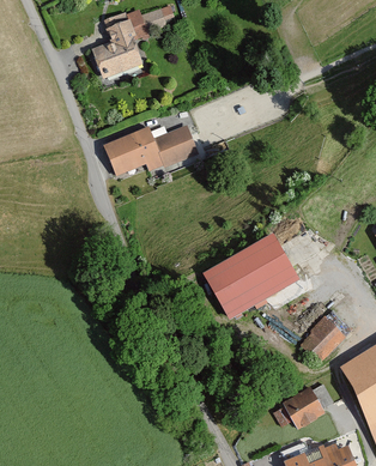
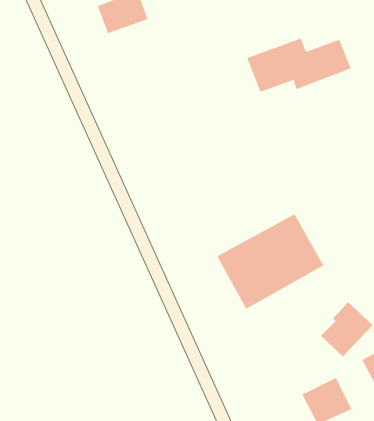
building: [102,125,196,174] -> [247,38,352,92]

